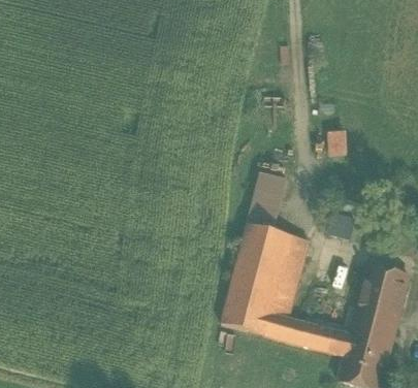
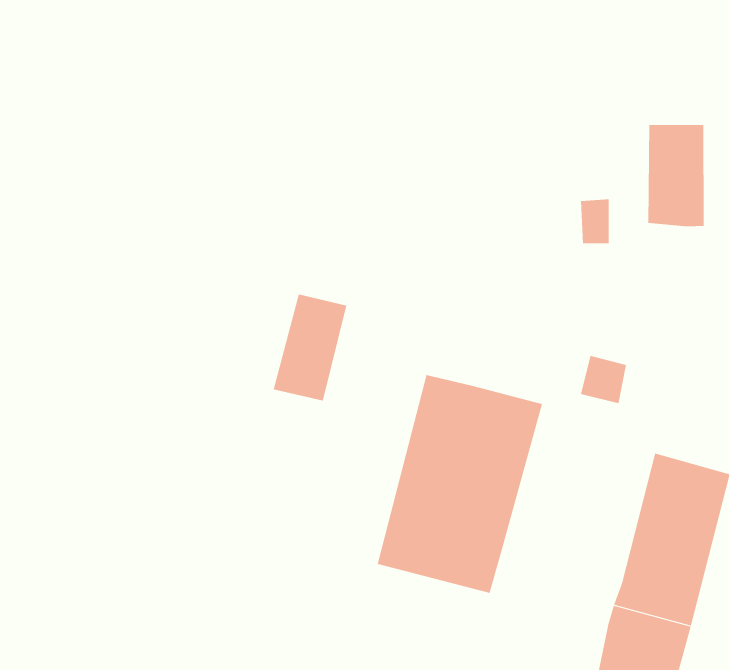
building: none -> [648,124,704,227]
building: [248,172,287,229] -> [273,294,347,401]
building: [282,317,351,355] -> none

